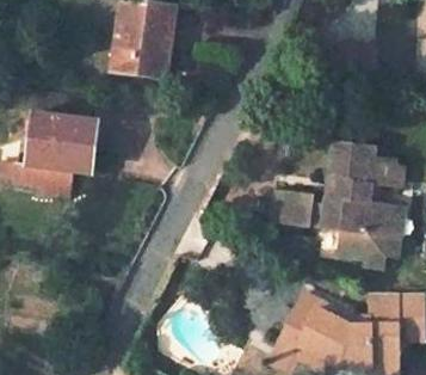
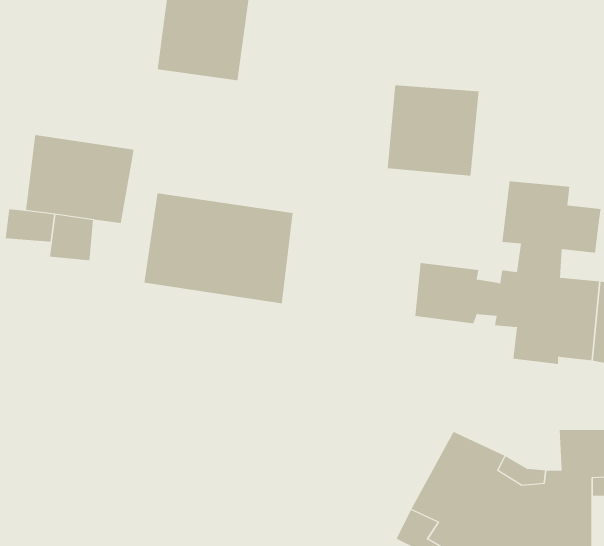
building: none -> [387,85,479,177]
building: none -> [144,193,293,304]

